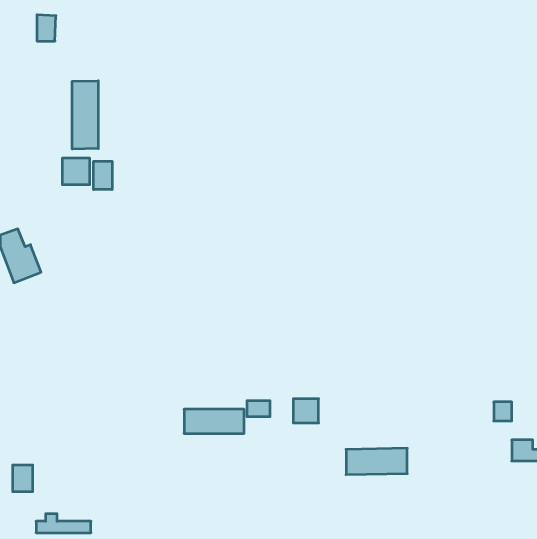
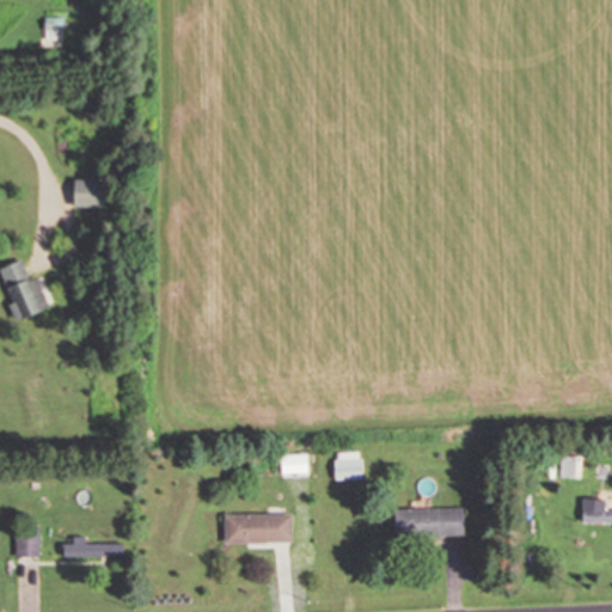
building: [72,81,98,149] -> none
building: [94,161,112,190] -> none
building: [184,409,244,433] -> [224,515,292,543]
building: [36,514,91,533] -> [62,536,124,557]

